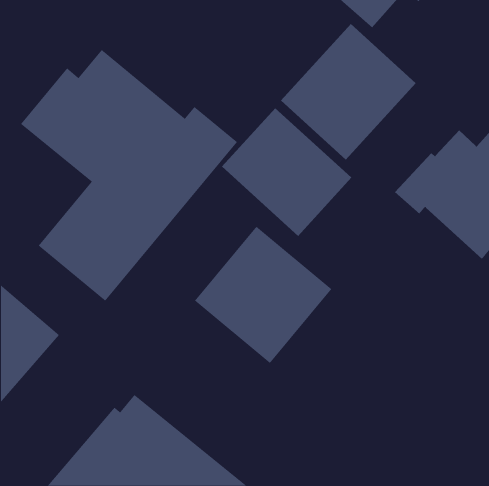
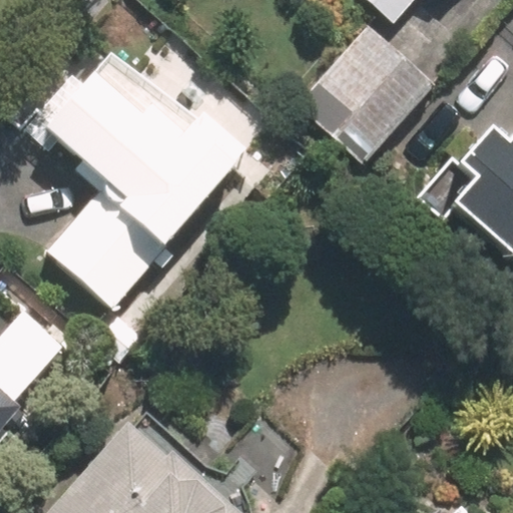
building: [221,107,352,237] -> none
building: [194,226,332,364] -> none

